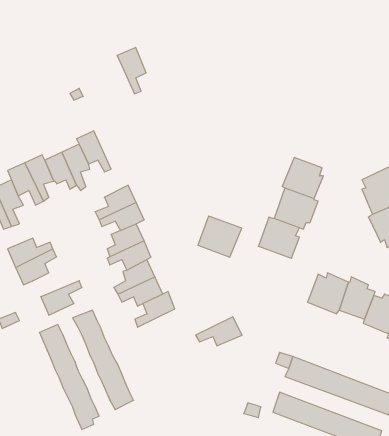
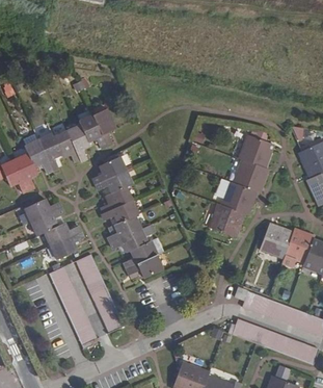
building: [117,47,146,94] -> [91,107,114,144]
building: [198,216,242,257] -> [209,203,243,235]
building: none -> [44,222,80,243]
building: [196,317,242,346] -> [126,253,162,276]

